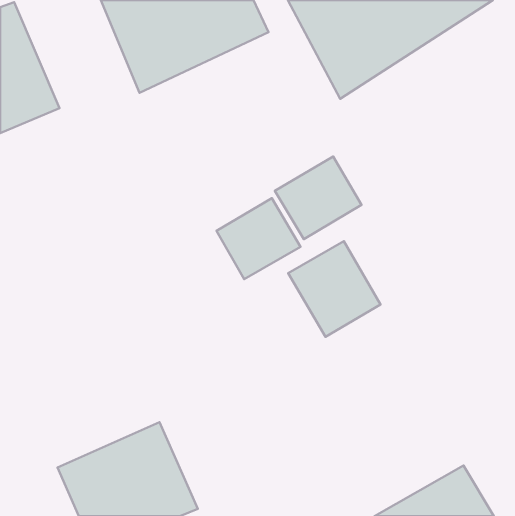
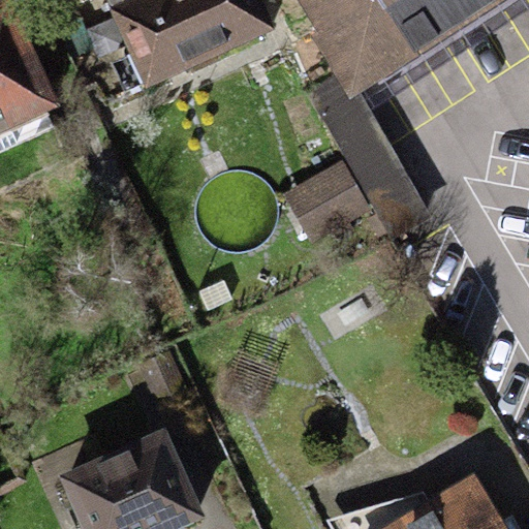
building: none -> [305,69,430,239]
building: [217,198,300,279] -> none
building: [288,241,380,337] -> none

